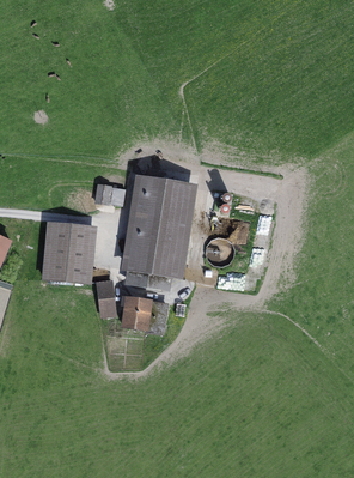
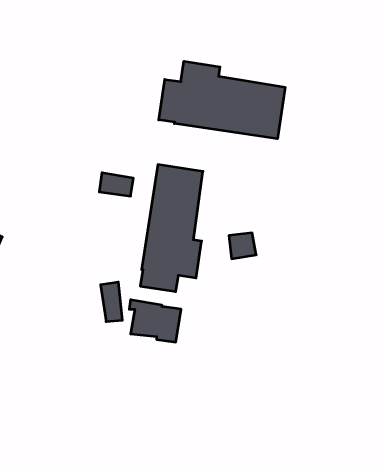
building: none -> [159,61,285,139]
building: [43,223,92,282] -> none

